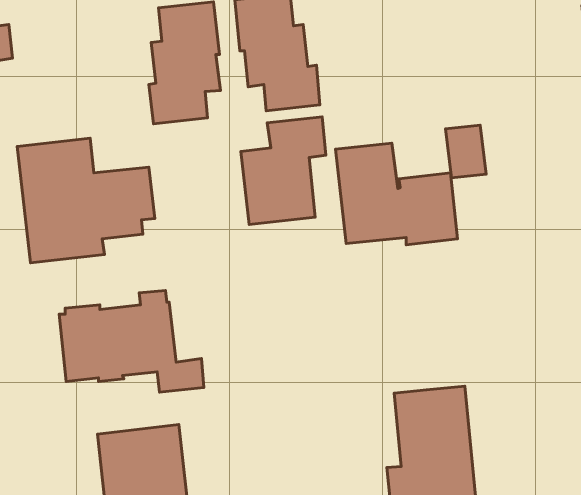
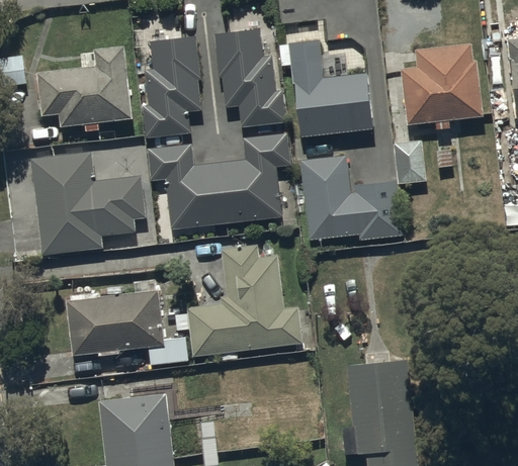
building: none -> [279,39,373,137]
building: none -> [401,42,484,129]
building: none -> [36,44,134,130]
building: none -> [147,144,227,229]
building: none -> [175,244,304,361]

